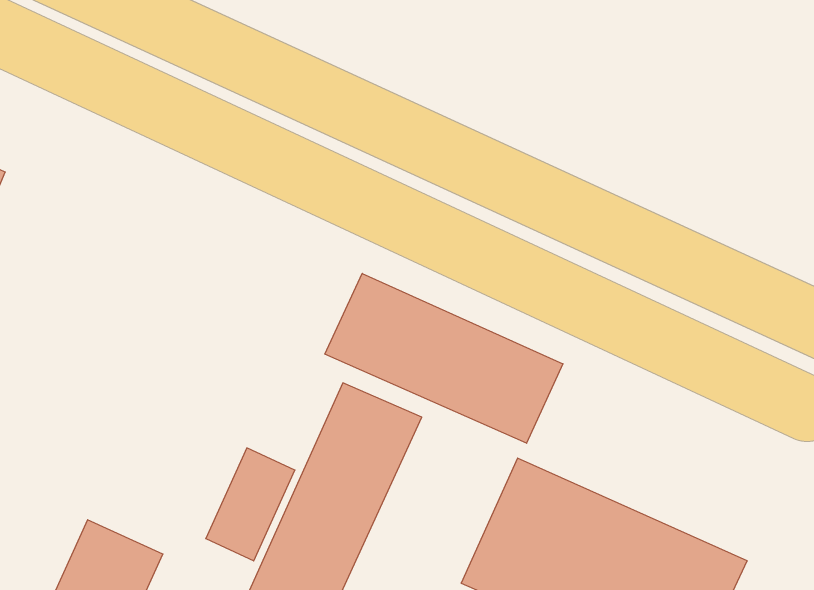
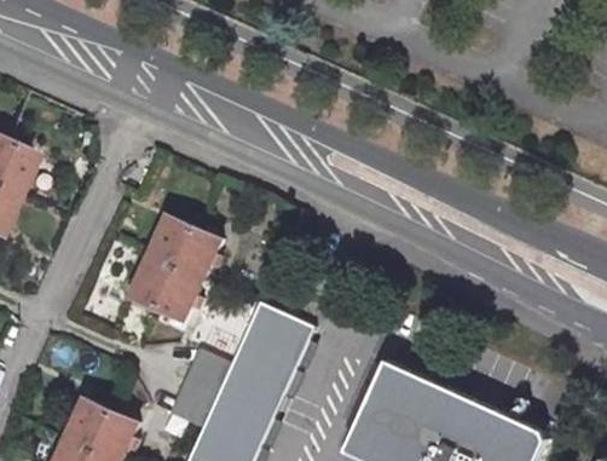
building: none -> [126,218,213,319]
building: [325,273,563,443] -> none

